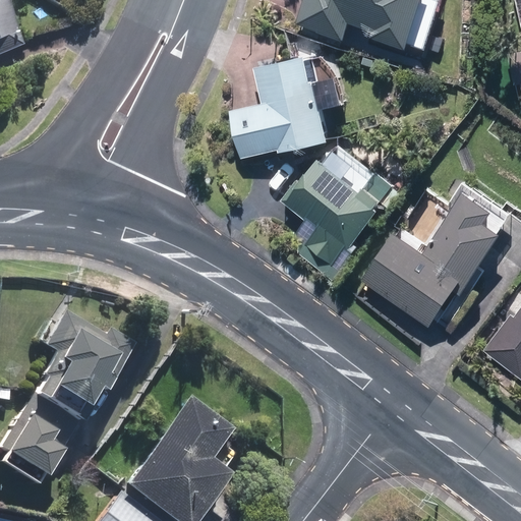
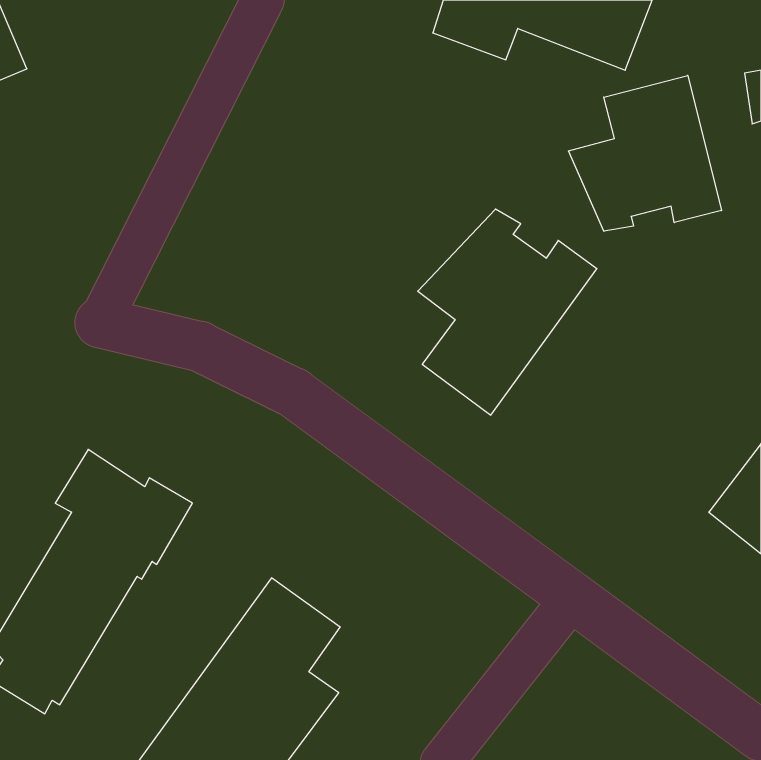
building: [233,49,348,162] -> none
building: none -> [568,75,722,231]
building: [364,189,511,328] -> none

